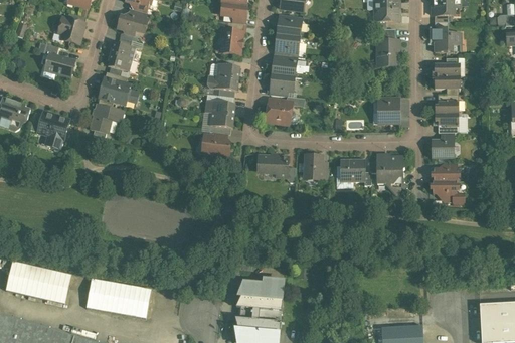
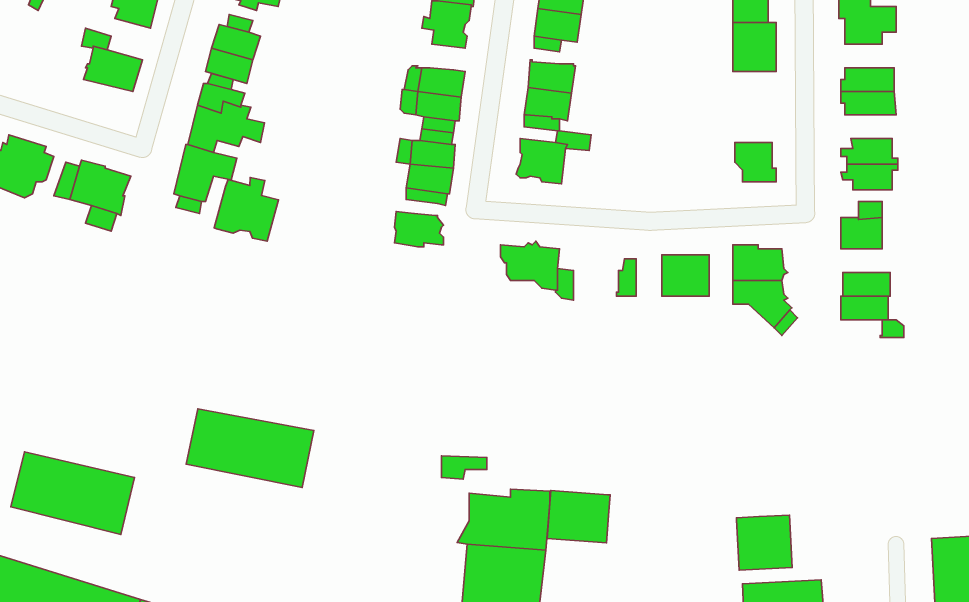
building: none -> [214,177,278,241]
building: [304,154,322,178] -> none
building: none -> [547,491,610,543]
building: [88,281,153,321] -> [186,409,314,488]
building: none -> [737,515,792,570]

